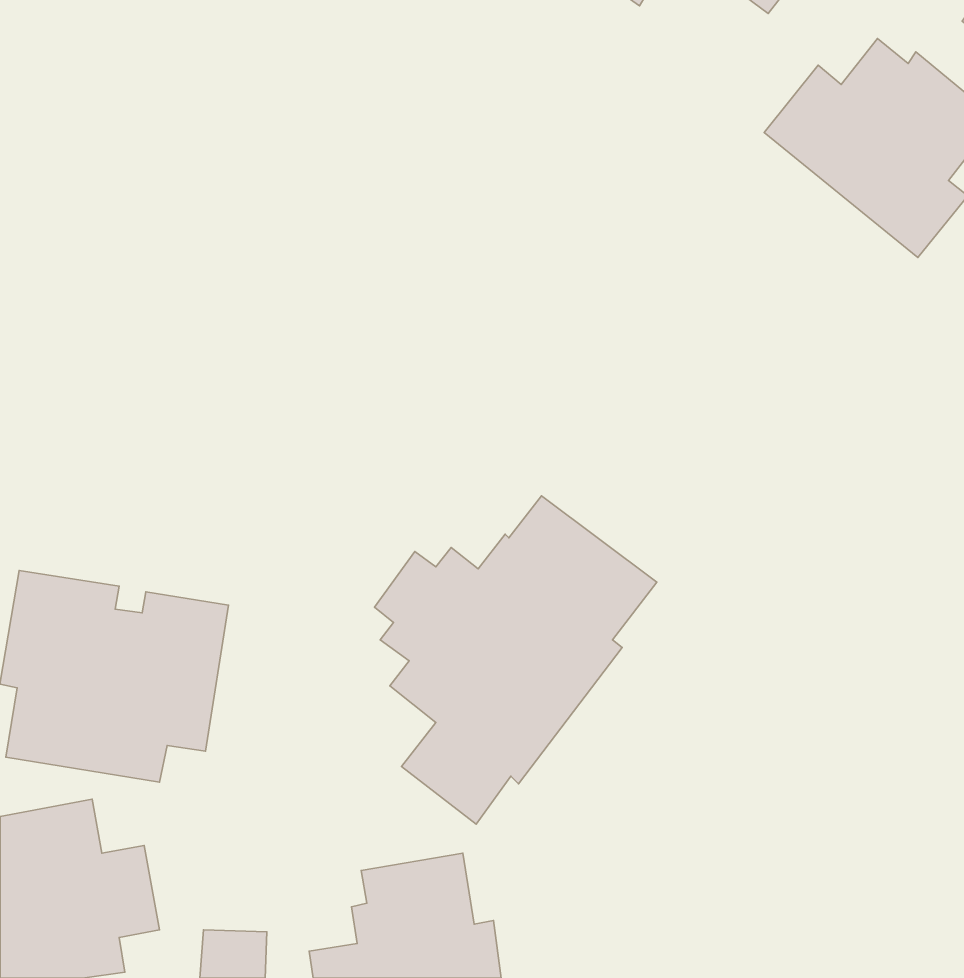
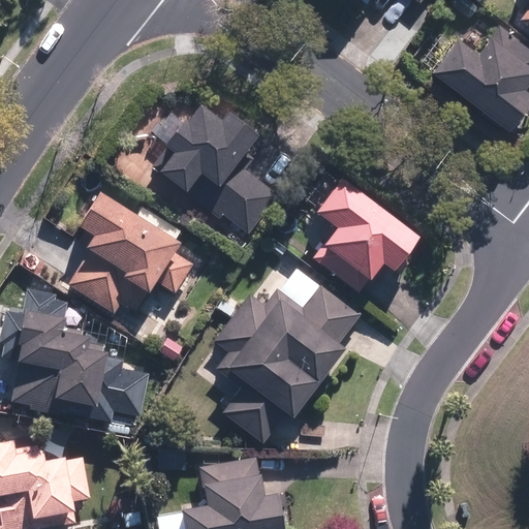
building: none -> [142,97,281,239]
building: none -> [313,182,414,284]
building: none -> [23,194,210,317]

